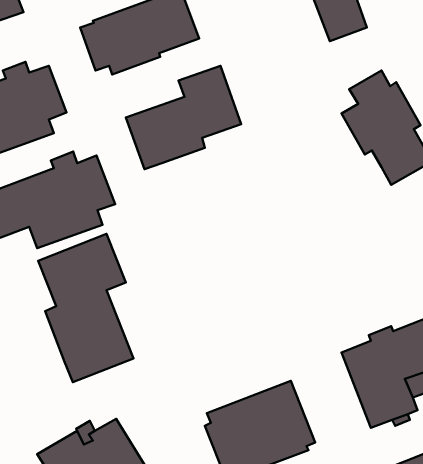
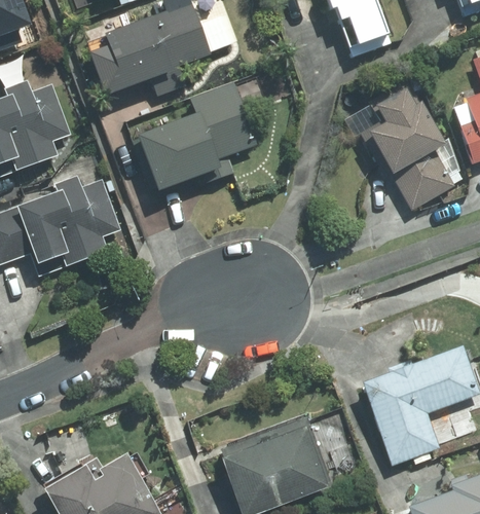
building: [38,234,133,382] -> none

